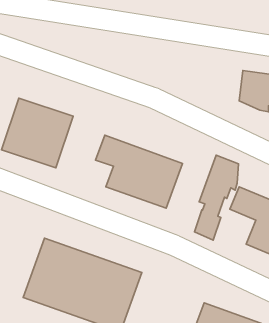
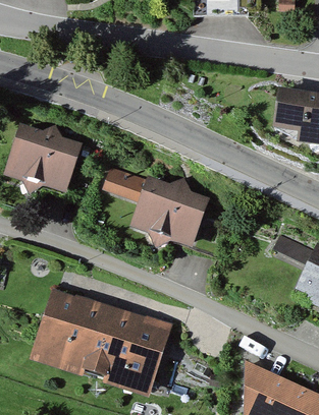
building: [194,155,239,240] -> none

